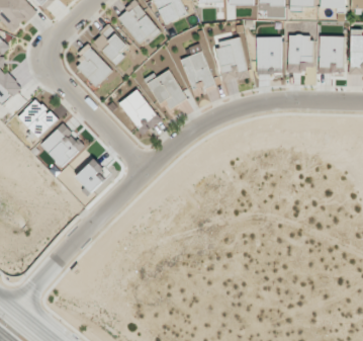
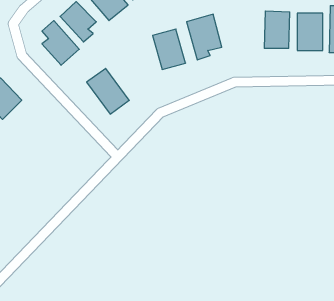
building: [257,36,282,74] -> none
building: [145,69,186,110] -> none
building: [41,123,85,167] -> none
building: [76,158,103,191] -> none

